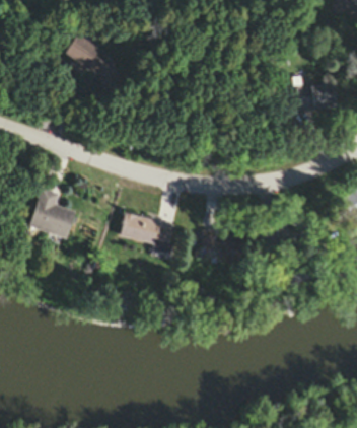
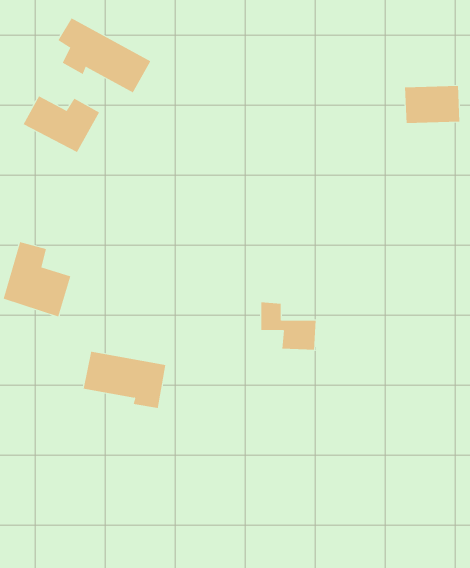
building: none -> [23,95,100,153]
building: [120,213,175,252] -> [83,351,166,409]

